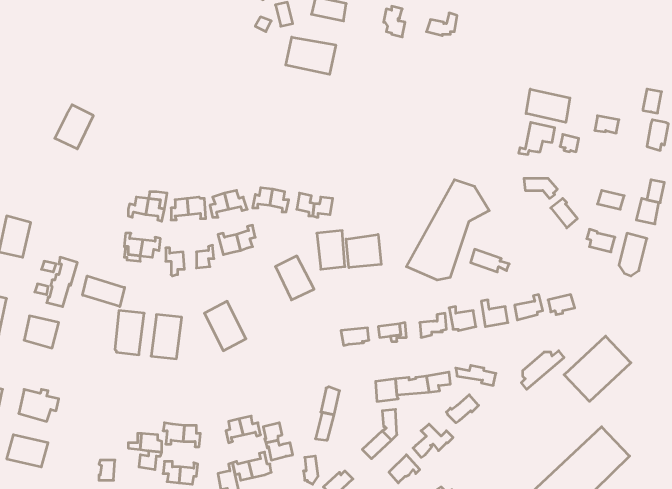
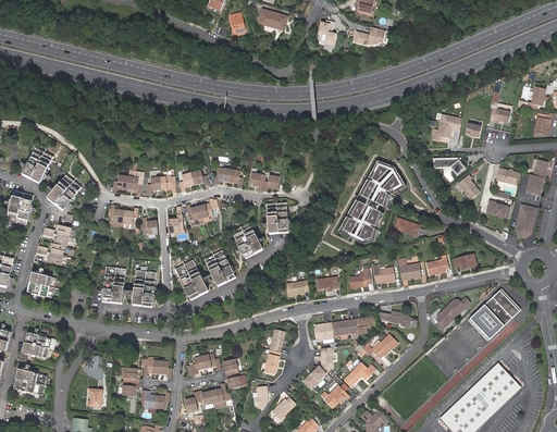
building: [286,37,336,74] -> none
building: [526,89,570,122] -> none
building: [55,105,93,149] -> [21,146,52,182]
building: none -> [47,173,81,208]
building: [346,234,381,268] -> none
building: [83,276,125,307] -> none
building: none -> [203,249,235,285]

